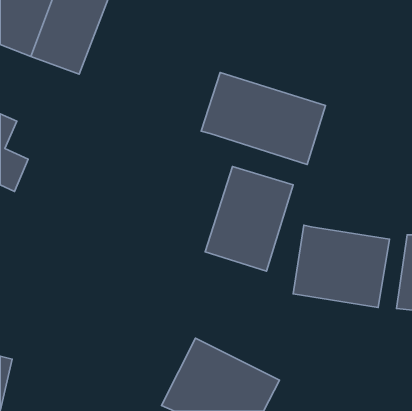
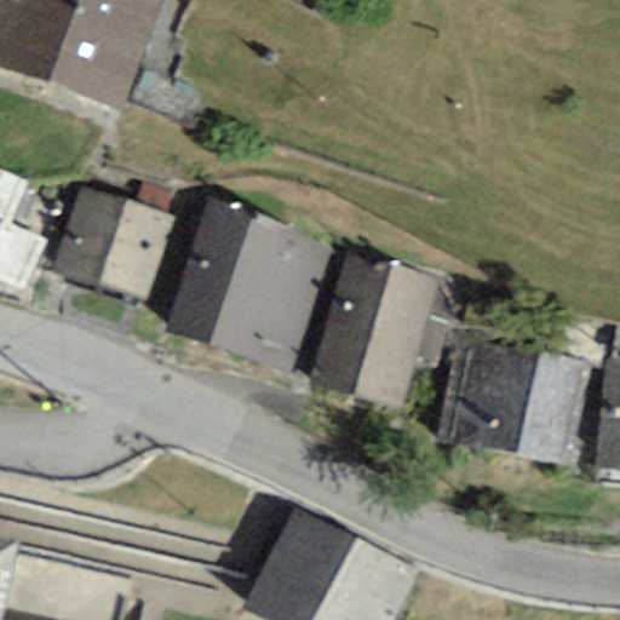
building: [201,72,325,165] -> none
building: none -> [52,184,174,299]
building: none -> [165,203,333,372]

